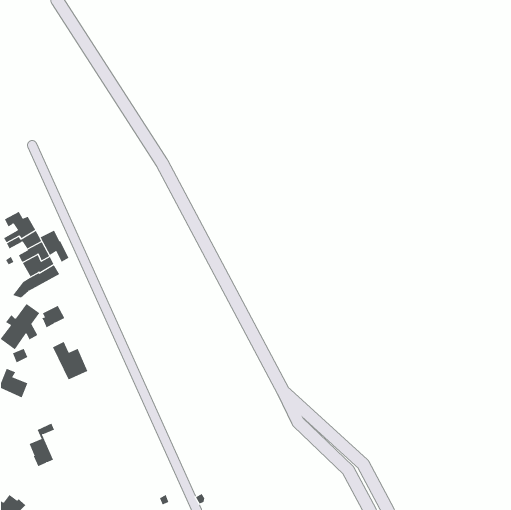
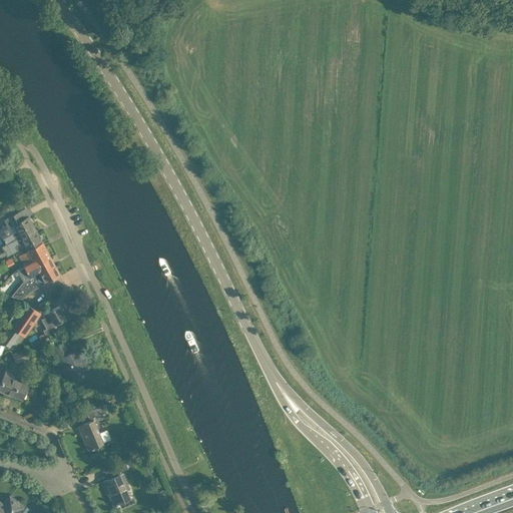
building: [40,230,69,263] -> none
building: [29,423,55,467] -> [78,406,104,450]
building: none -> [101,462,130,506]

